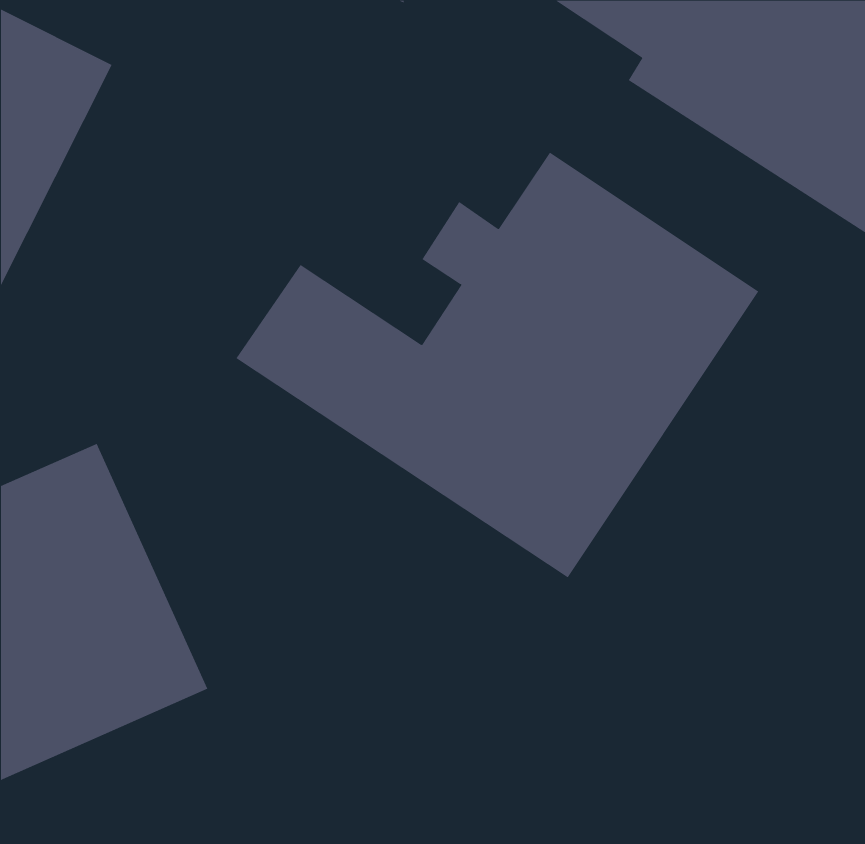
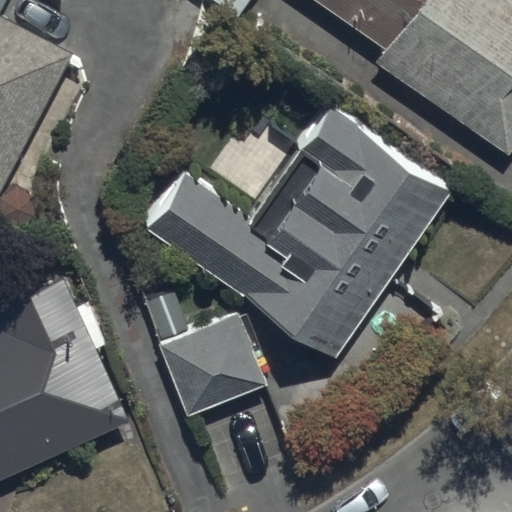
building: none -> [157,314,265,419]

